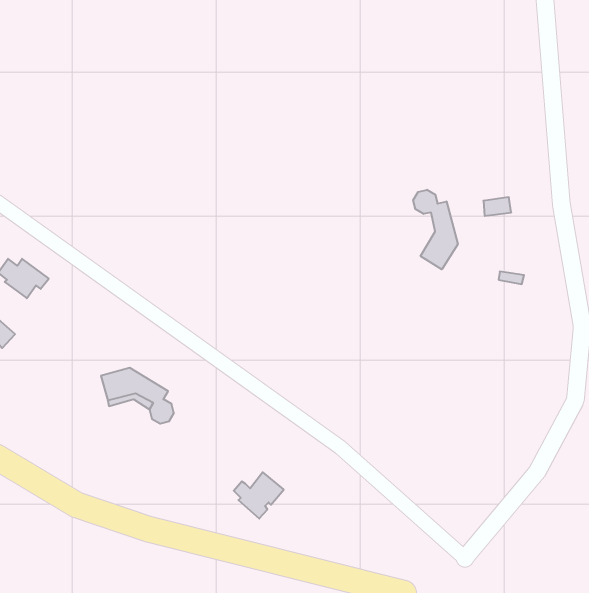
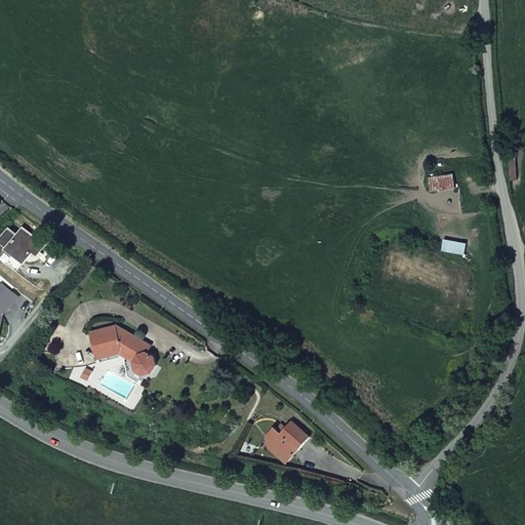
building: [413,190,458,269] -> none
building: [234,472,284,519] -> [261,420,306,461]

